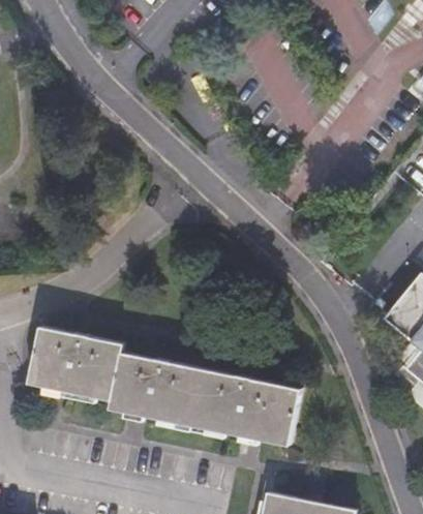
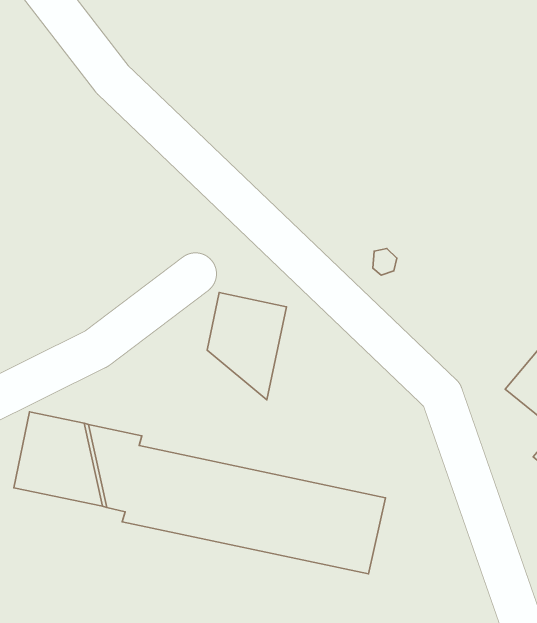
building: none -> [207,292,286,400]

